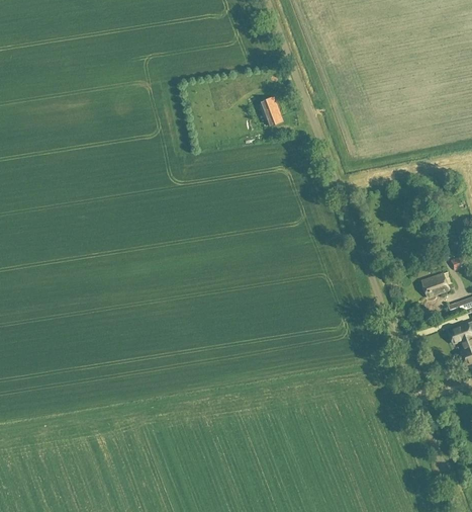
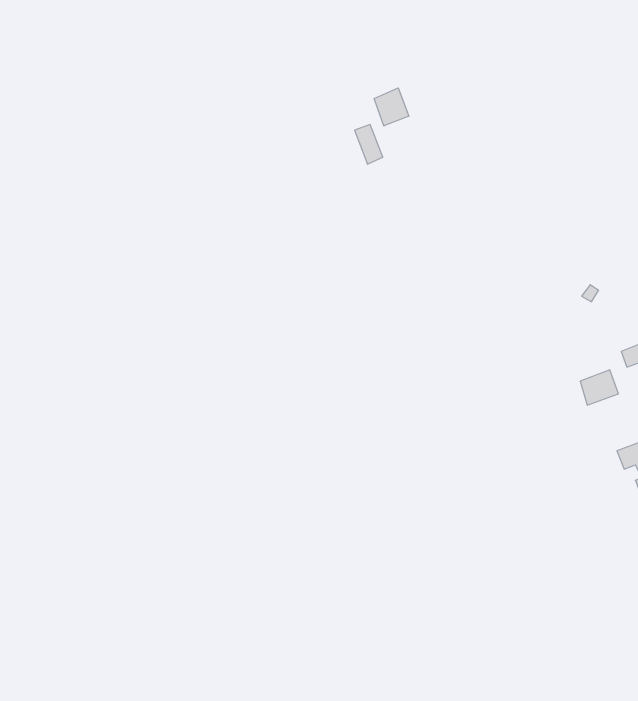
building: none -> [374,88,409,126]

